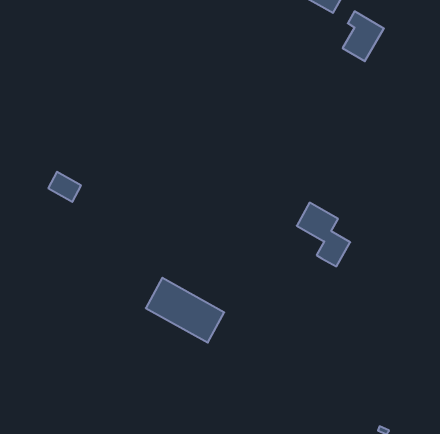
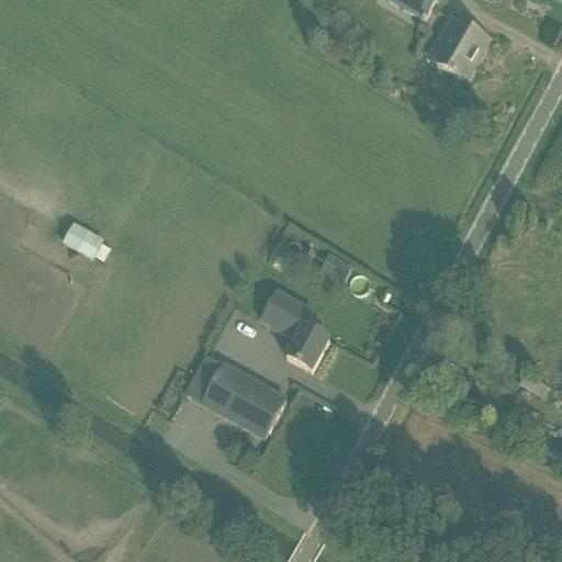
building: [297,203,350,266] -> [260,288,328,369]

